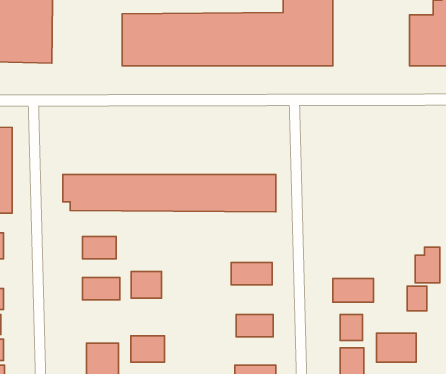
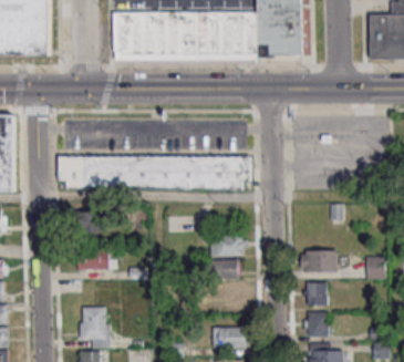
building: [415,247,440,283] -> none
building: [131,271,161,298] -> none
building: none -> [209,260,238,278]
building: [377,333,416,362] -> none
building: [131,336,165,362] -> none

